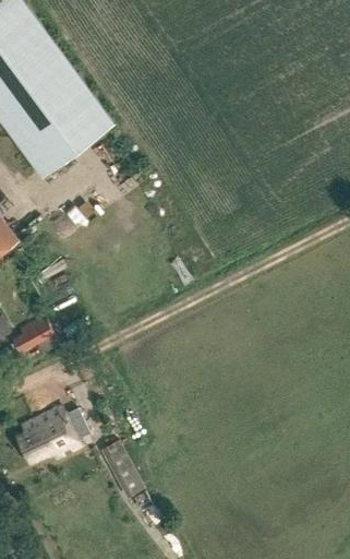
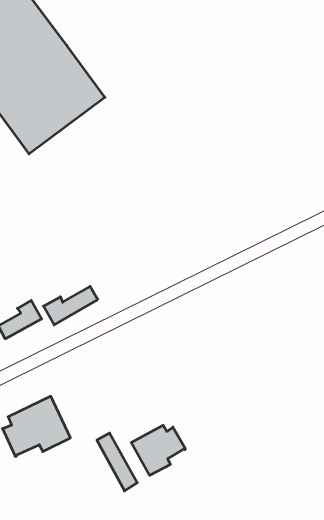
building: none -> [43,286,98,325]
building: none -> [131,425,185,475]

